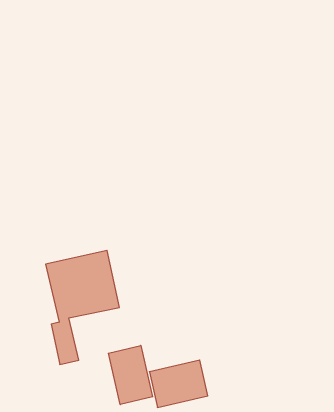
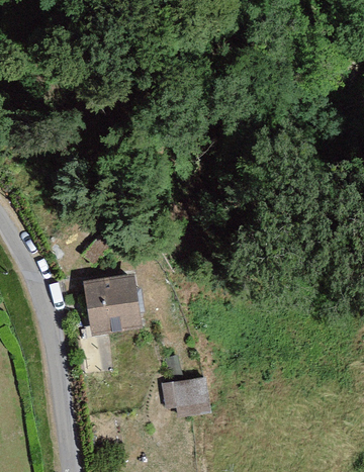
building: [108,345,153,405] -> none

